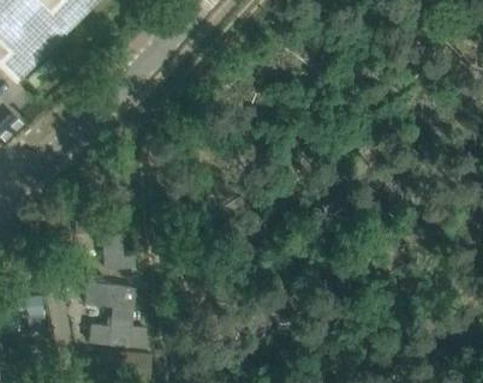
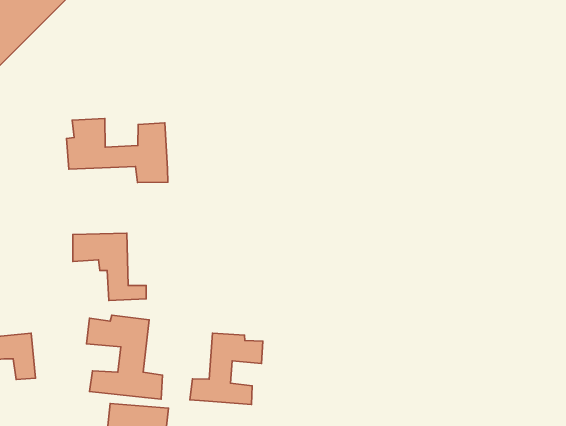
building: none -> [66,119,168,183]
building: none -> [190,333,263,404]

